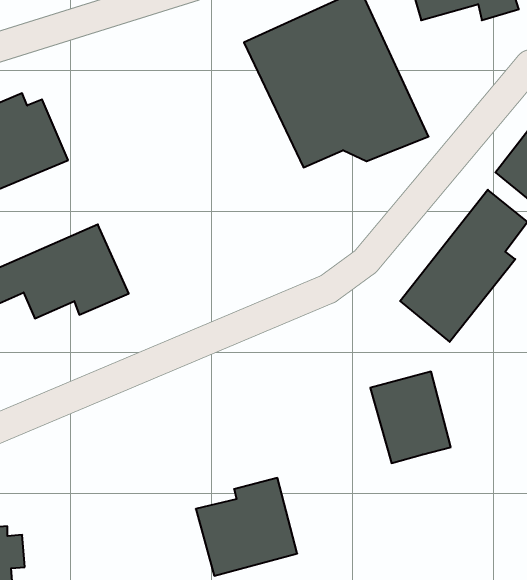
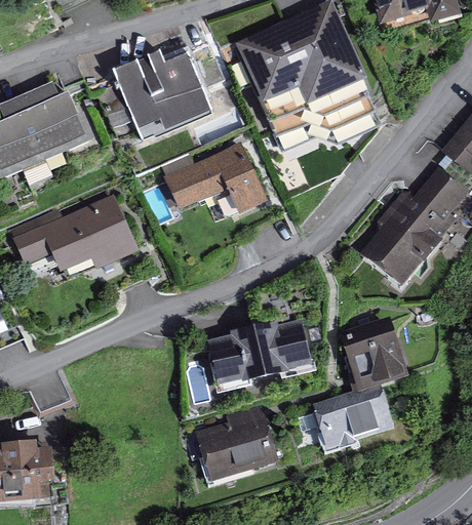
building: none -> [113,47,213,127]
building: none -> [162,138,266,212]
building: none -> [206,318,311,389]
building: none -> [313,383,394,450]

